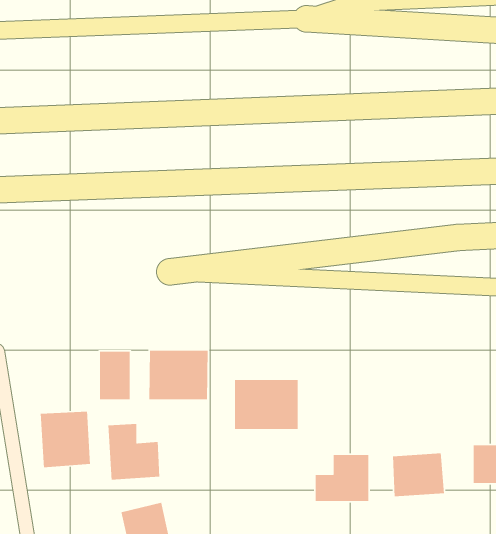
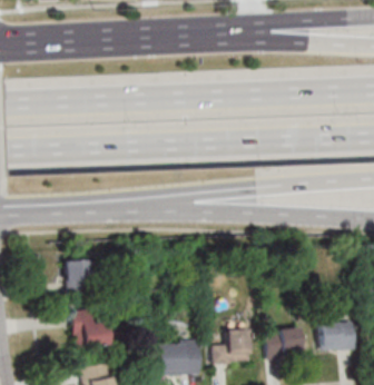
building: [148,350,209,400] -> none
building: [234,379,298,430] -> [157,340,200,375]
building: [40,411,91,468] -> none

